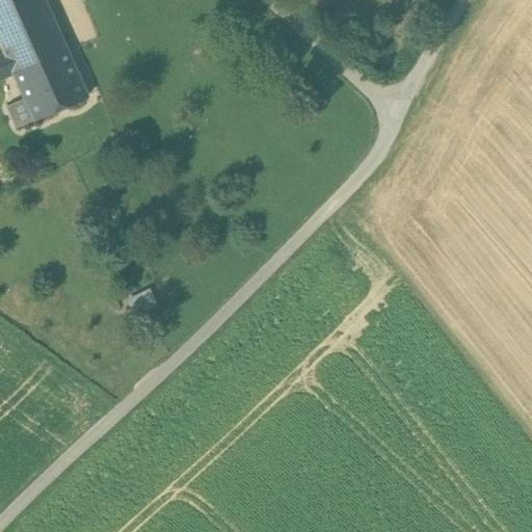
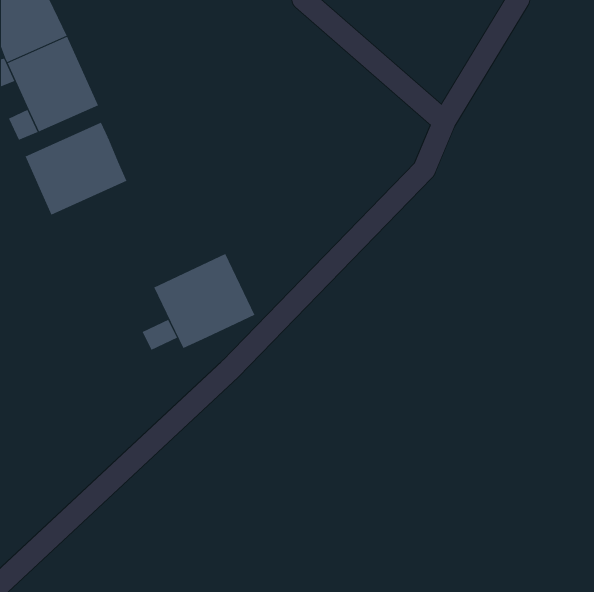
building: none -> [25,122,127,216]
building: none -> [154,253,255,349]

